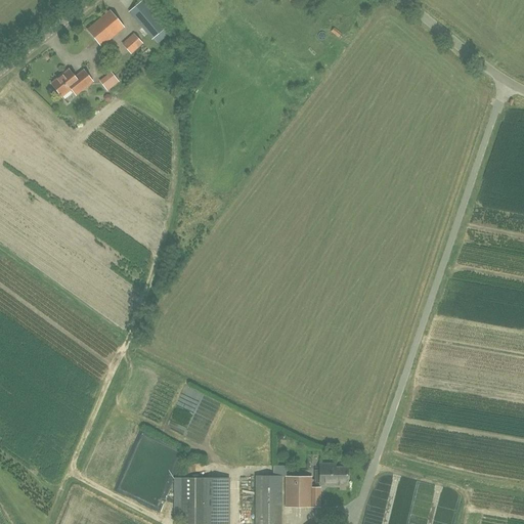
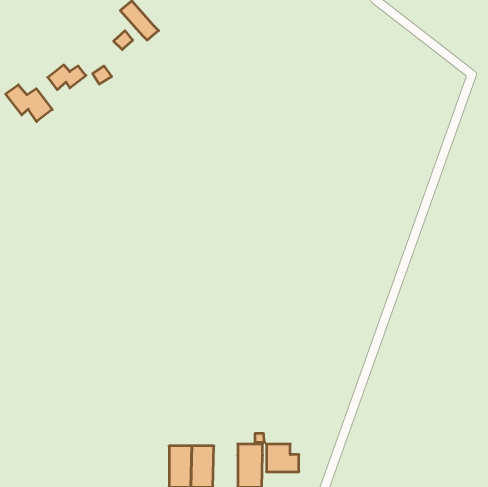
building: [87,10,124,46] -> none
building: none -> [6,85,52,122]
building: [314,464,348,483] -> none

